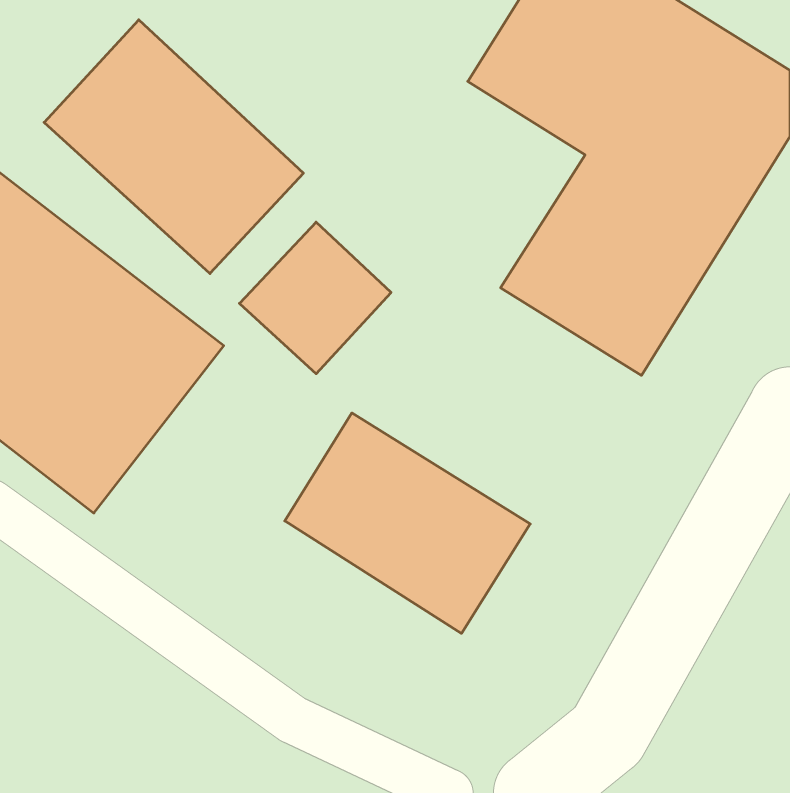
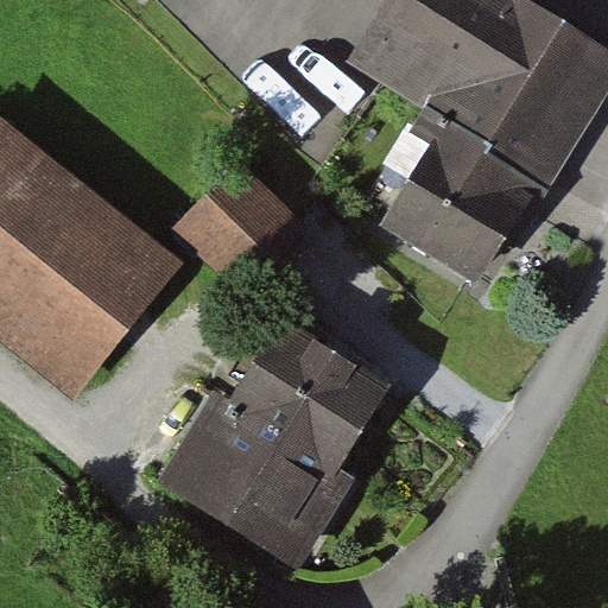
building: [44,20,303,274] -> none
building: none -> [164,395,350,563]

